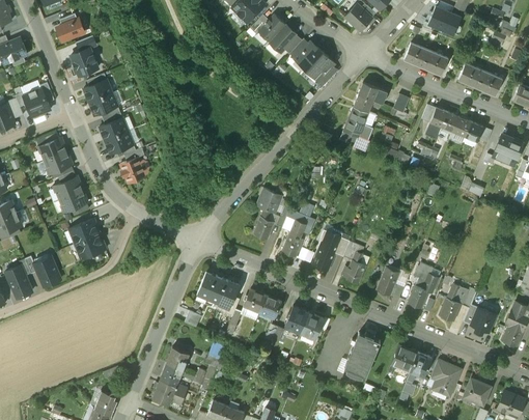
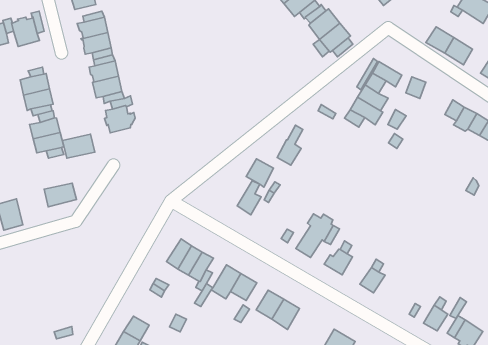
building: [68,219,100,244] -> [62,134,95,158]
building: [282,219,303,256] -> [277,125,303,165]
building: [408,265,437,308] -> none

